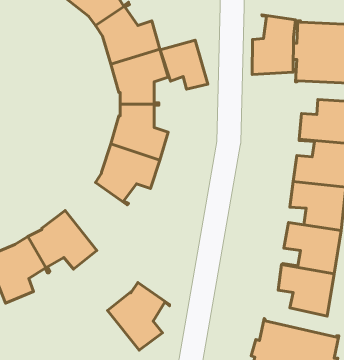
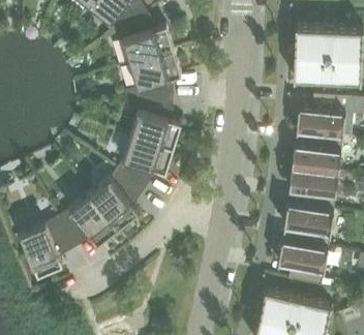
building: [252,15,296,74] -> none
building: [160,40,208,89] -> none
building: [107,282,169,350] -> [88,170,143,230]

